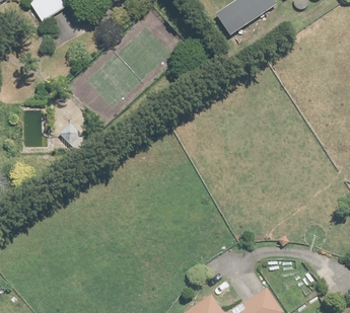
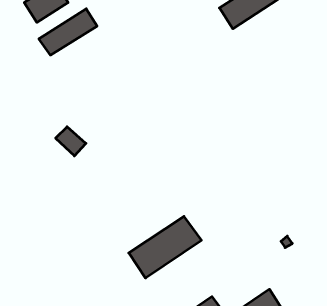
building: none -> [39,9,97,55]
building: none -> [129,216,201,278]

